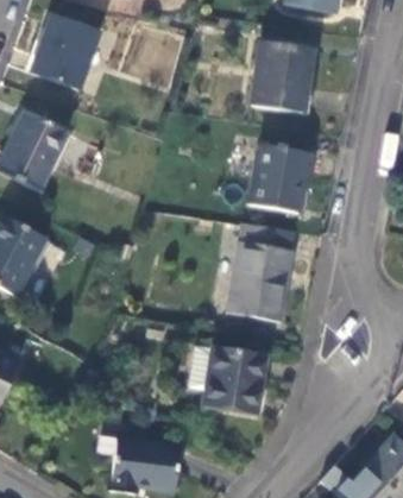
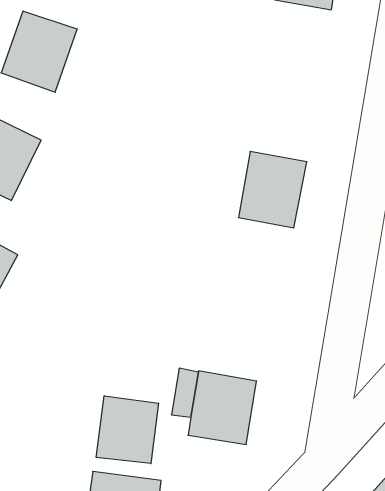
building: [252,40,311,112] -> none
building: [227,225,291,321] -> none
building: none -> [96,396,159,464]

